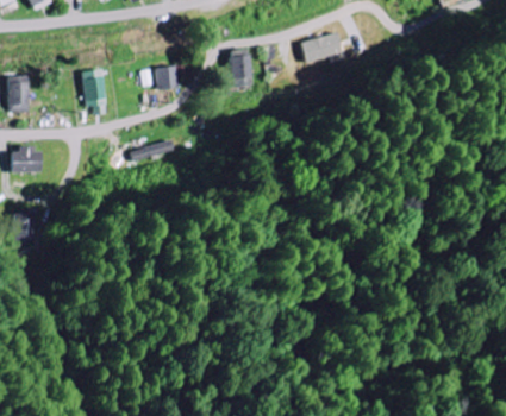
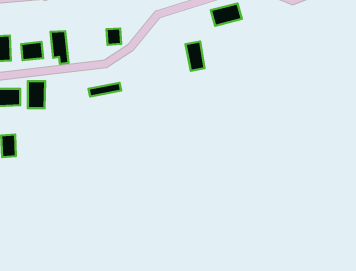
building: [229,48,255,88] -> [186,41,204,71]
building: none -> [21,42,43,60]
building: none -> [28,81,45,108]

